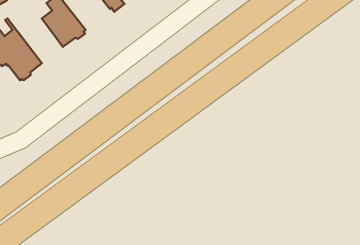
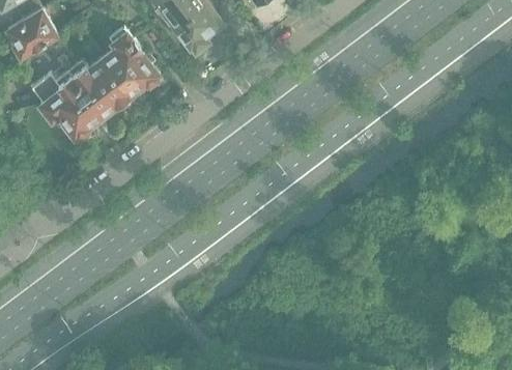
building: none -> [58,56,129,115]

